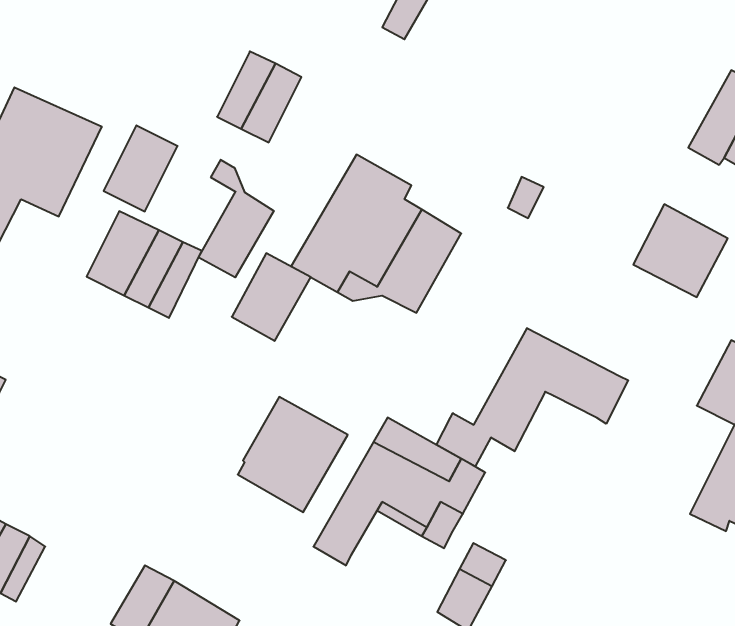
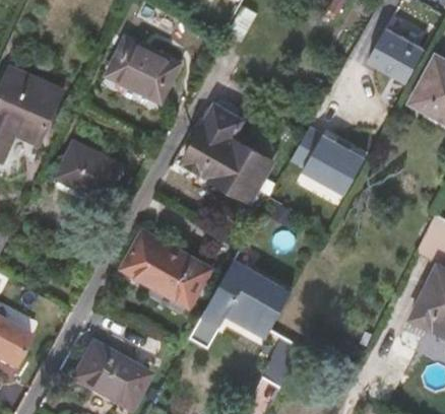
building: none -> [372,26,428,81]
building: [104,125,178,211] -> [108,32,151,83]
building: [198,160,274,277] -> none
building: [633,204,728,297] -> [308,134,364,189]
building: [232,253,311,341] -> [122,234,169,286]
building: [437,328,628,466] -> none

